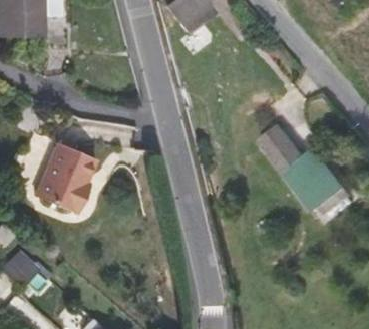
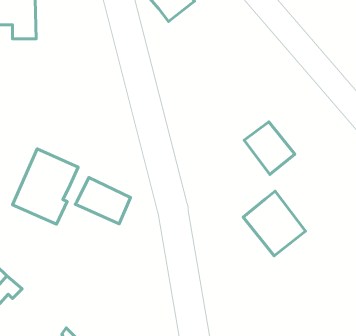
building: [284,148,342,209] -> [243,191,306,256]
building: none -> [75,178,131,224]

